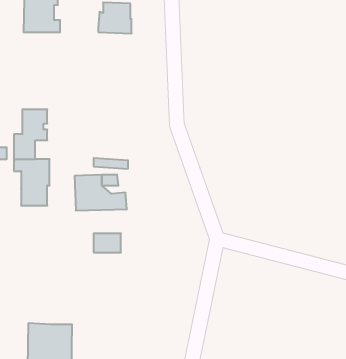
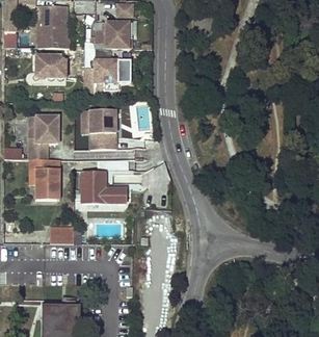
building: none -> [35,54,67,77]
building: none -> [83,59,131,99]
building: none -> [89,109,115,149]
building: [94,233,121,252] -> [49,226,73,242]

